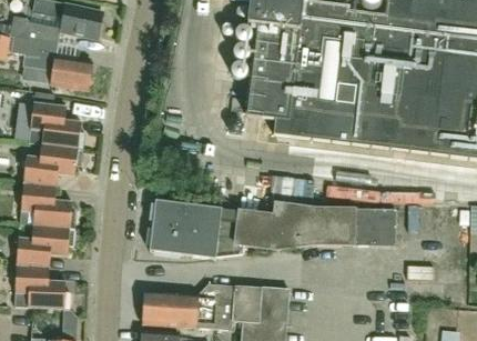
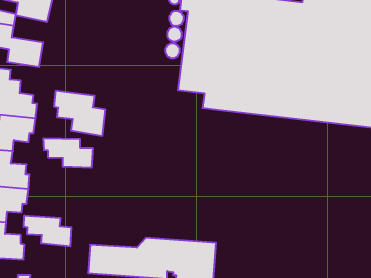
building: none -> [54,91,105,136]
building: none -> [43,138,93,168]
building: [149,200,395,259] -> none
building: none -> [24,215,71,246]

